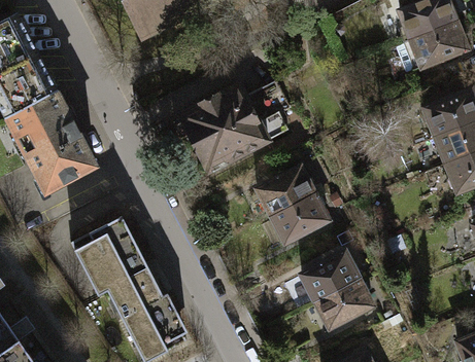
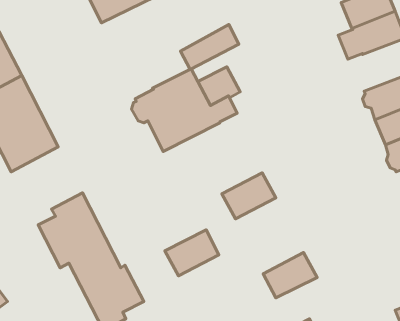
building: none -> [180,25,239,69]
building: [257,167,314,217] -> none
building: [301,253,359,302] -> [165,230,219,276]

